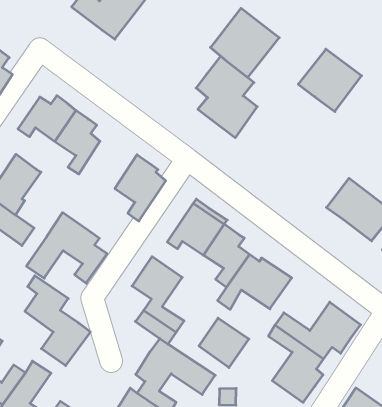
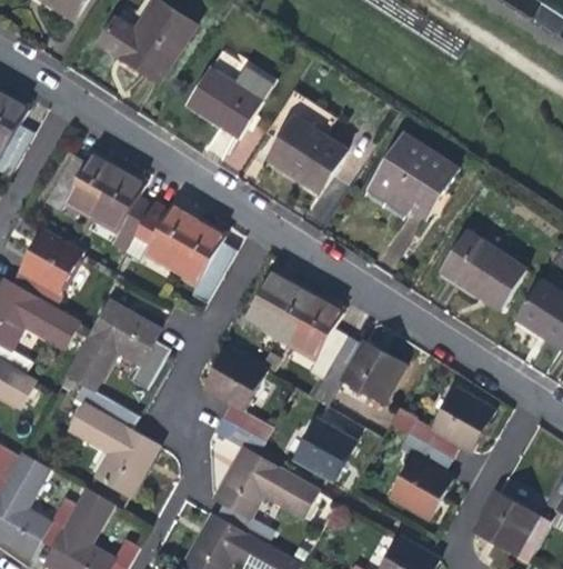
building: [210,8,279,78] -> [187,52,272,139]
building: [298,49,362,112] -> [375,138,454,216]
building: none -> [125,206,198,267]

